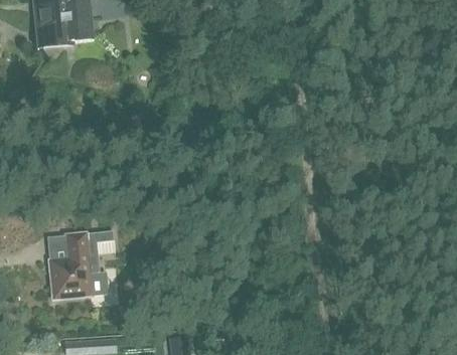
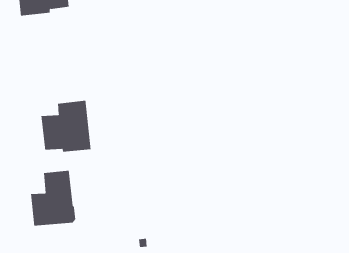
building: none -> [41,100,91,152]

